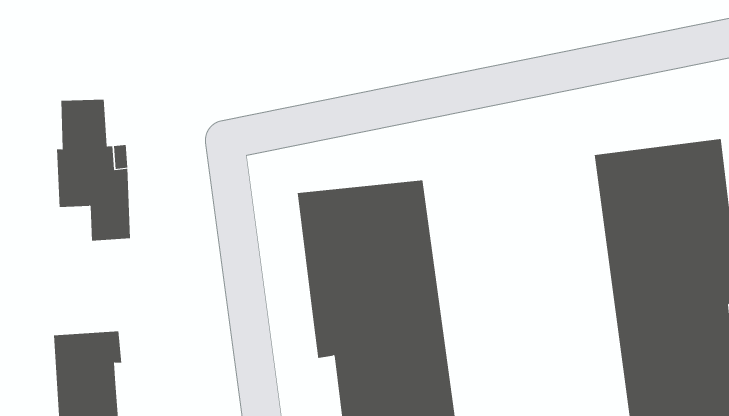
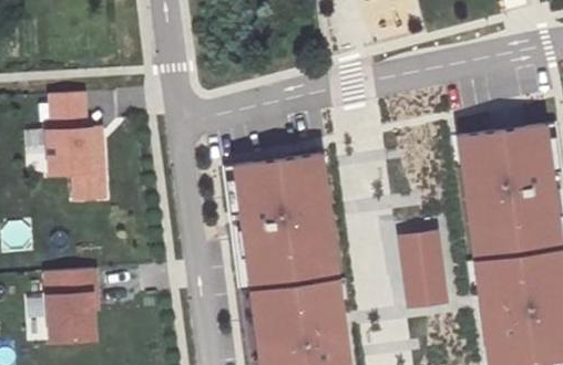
building: none -> [393,233,439,310]

